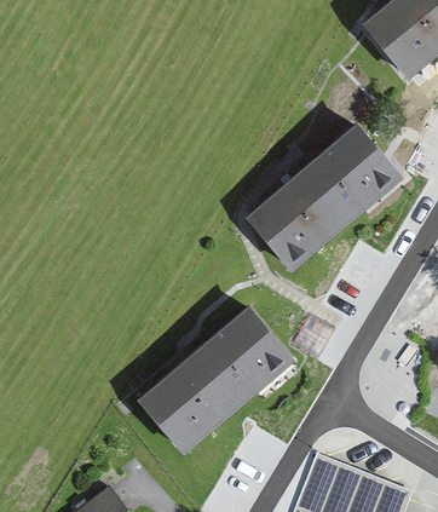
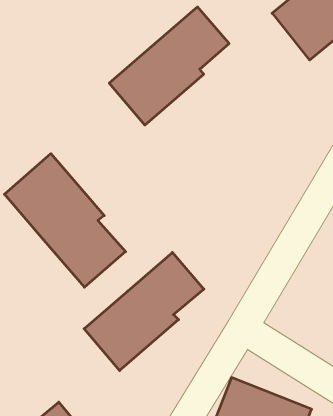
building: [247,127,390,267] -> [109,7,229,125]
building: none -> [4,154,126,287]

